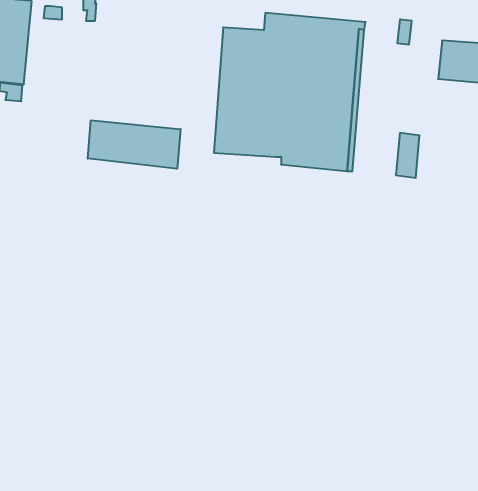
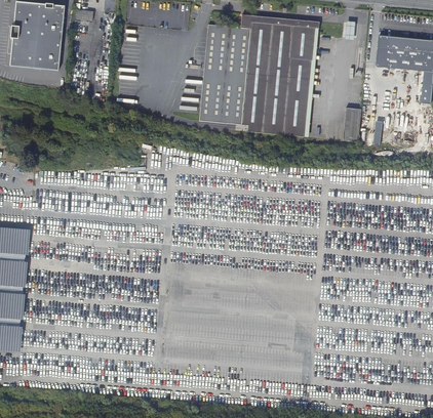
building: [88,120,181,169] -> none

